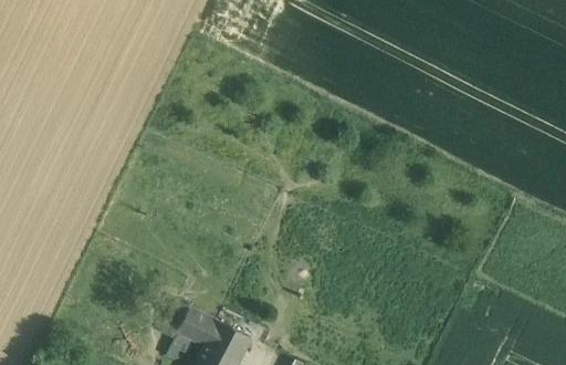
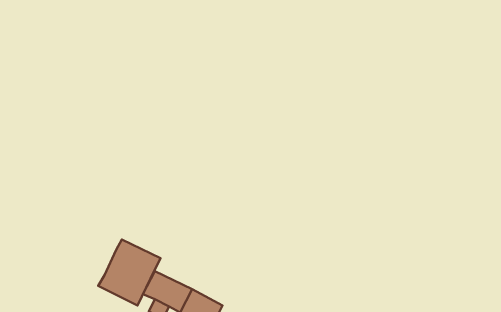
building: none -> [98,239,160,305]

